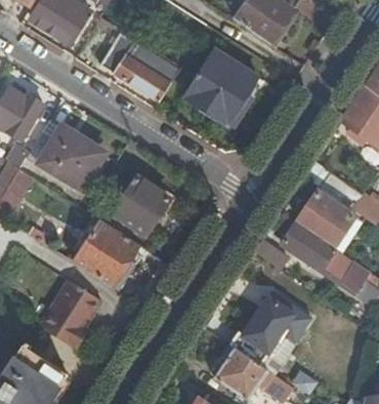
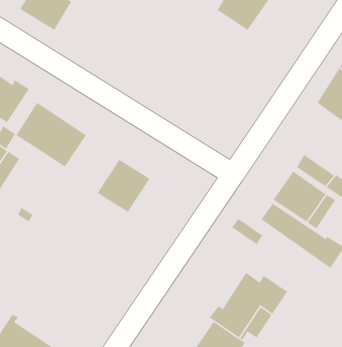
building: [99,35,177,102] -> none
building: [183,50,257,125] -> none
building: [72,218,137,286] -> none
building: [39,279,101,350] -> none

